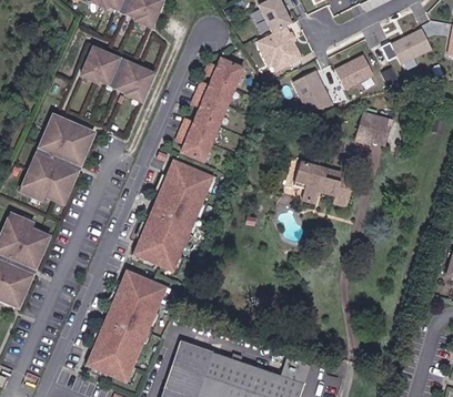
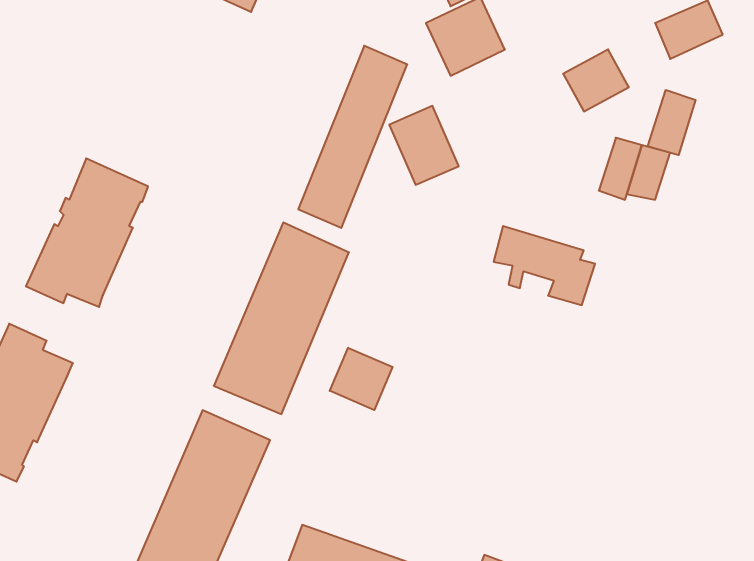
building: [81,53,154,109] -> none
building: [292,69,333,115] -> [389,106,459,185]
building: none -> [648,90,696,155]
building: none -> [330,348,393,410]

